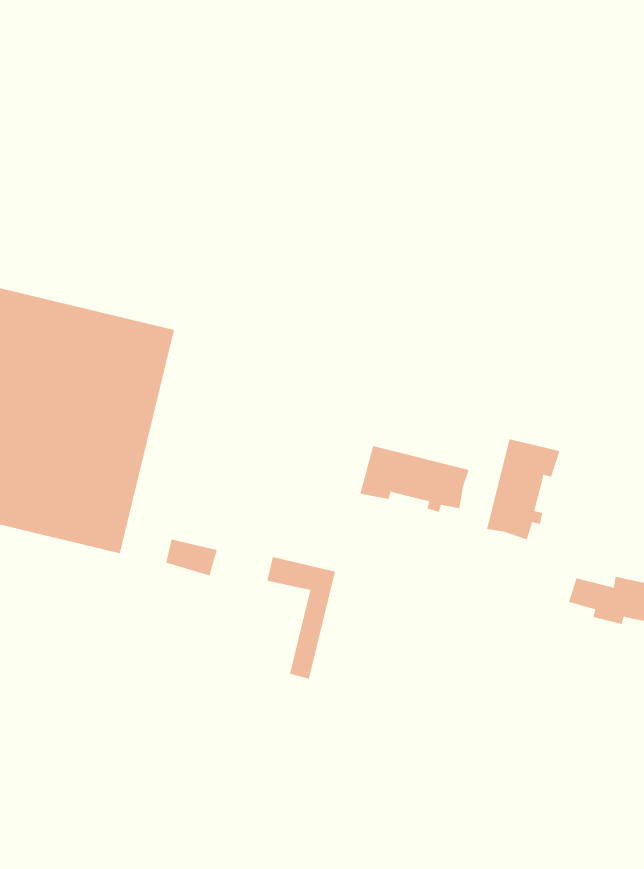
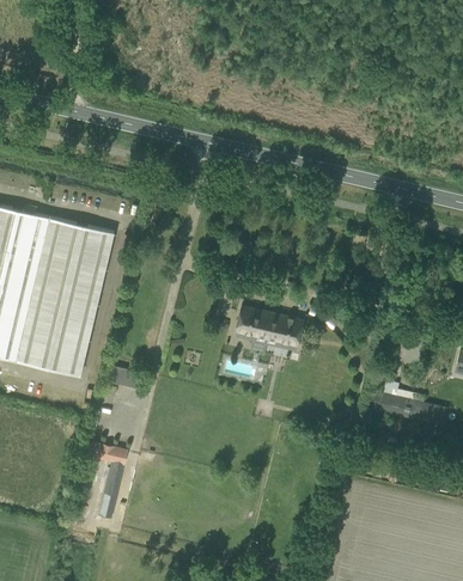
building: [486,439,560,540] -> none
building: [267,556,336,680] -> [84,441,128,520]

